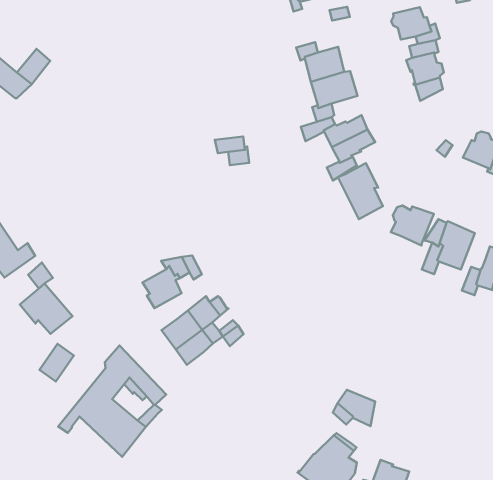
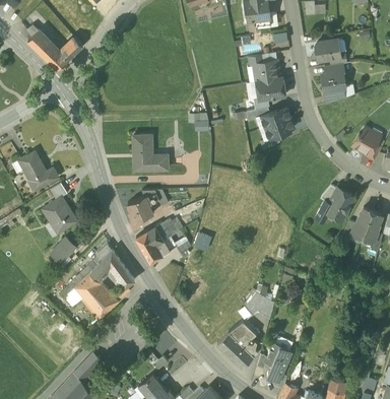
building: [338,163,383,219] -> none
building: none -> [132,134,168,170]
building: [391,205,434,246] -> none

